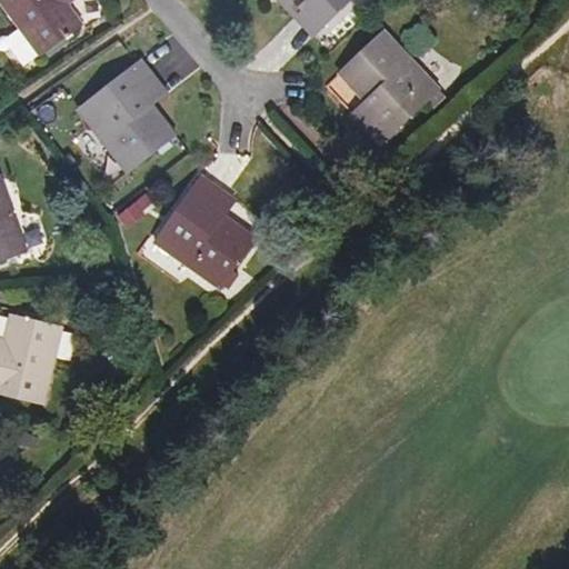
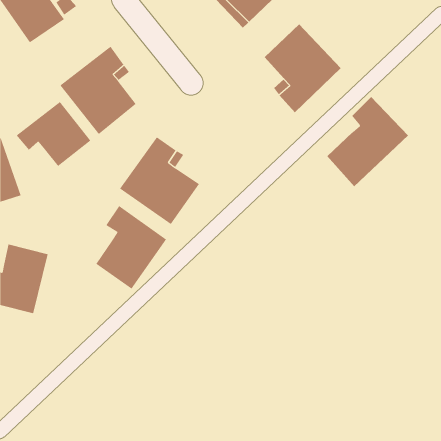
building: none -> [327,96,409,187]
building: none -> [16,101,91,167]
building: none -> [95,205,167,290]

